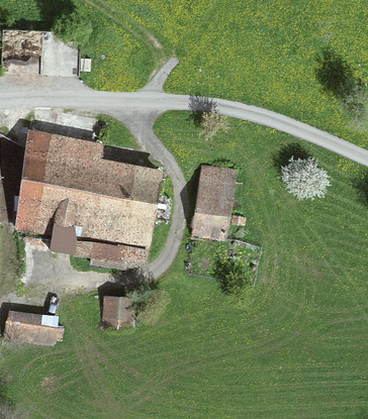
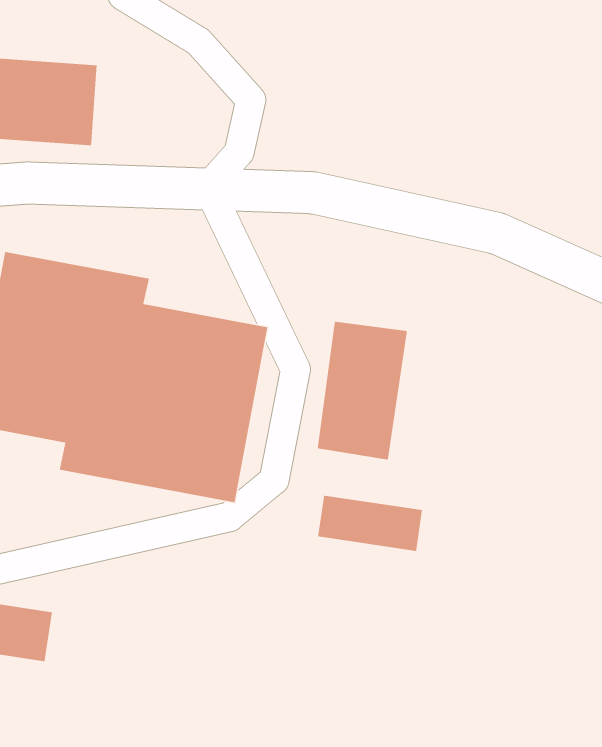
building: none -> [317,495,423,552]
building: [97,295,131,329] -> none

